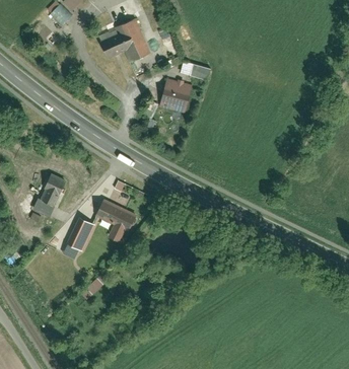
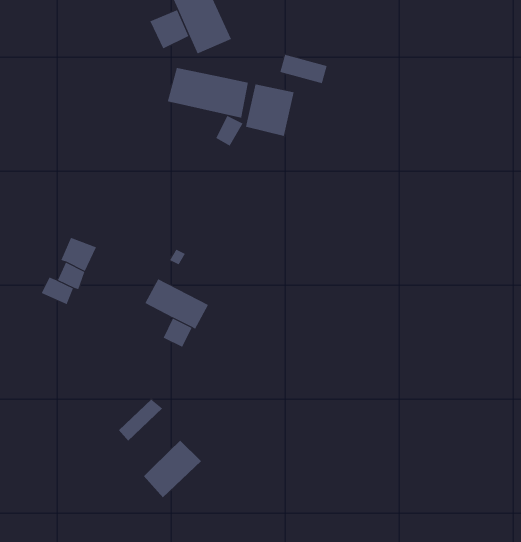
building: none -> [167,67,248,118]
building: [67,219,95,250] -> none
building: none -> [143,440,202,498]

